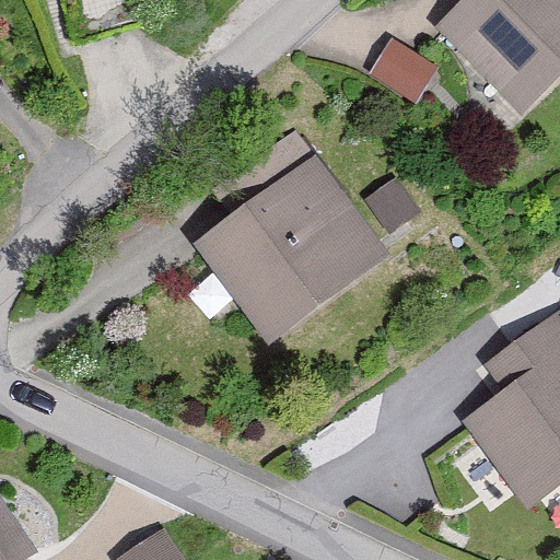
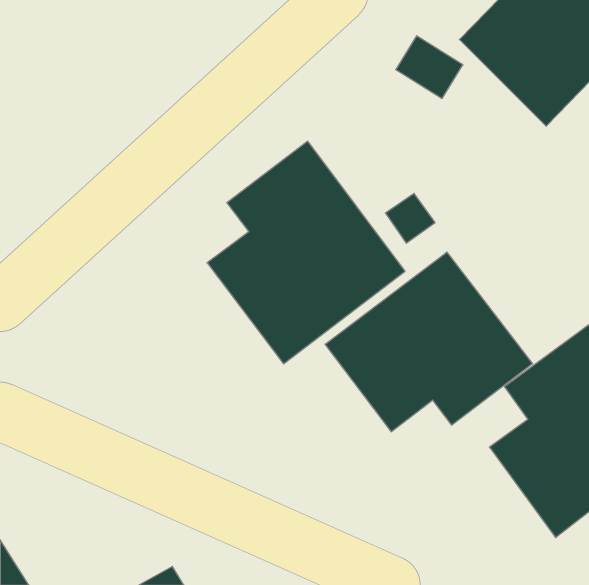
building: none -> [325,252,533,432]

